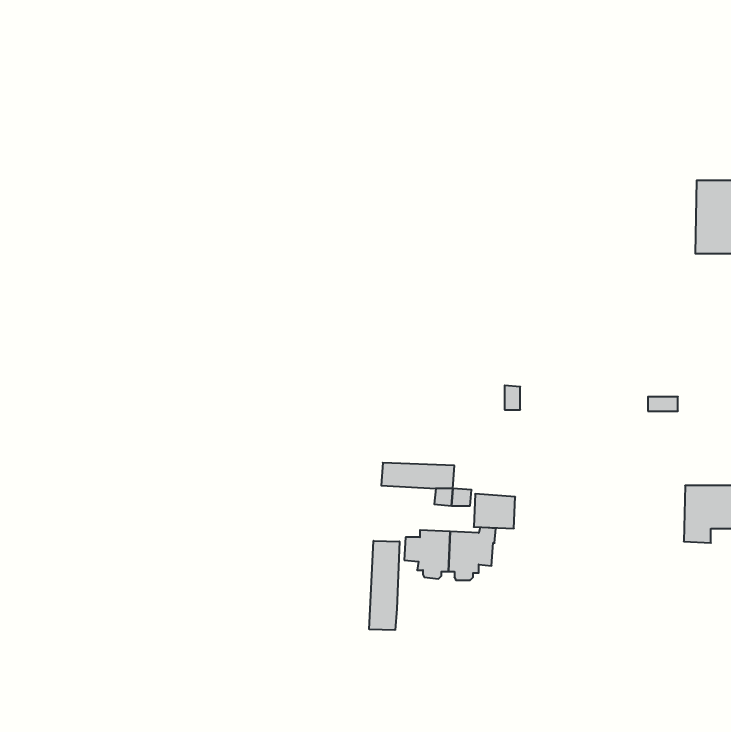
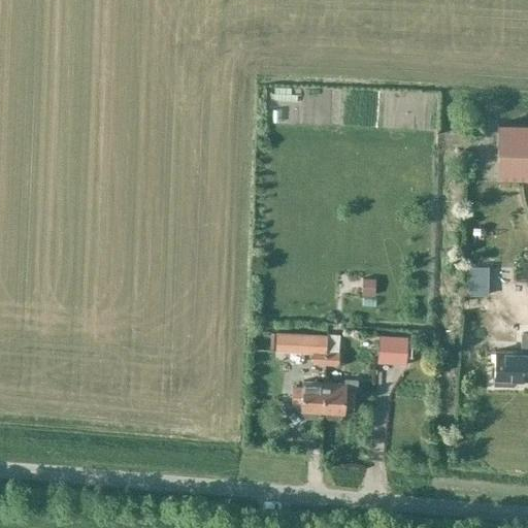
building: [474,494,515,528] -> [378,335,408,360]
building: [369,541,399,630] -> none

